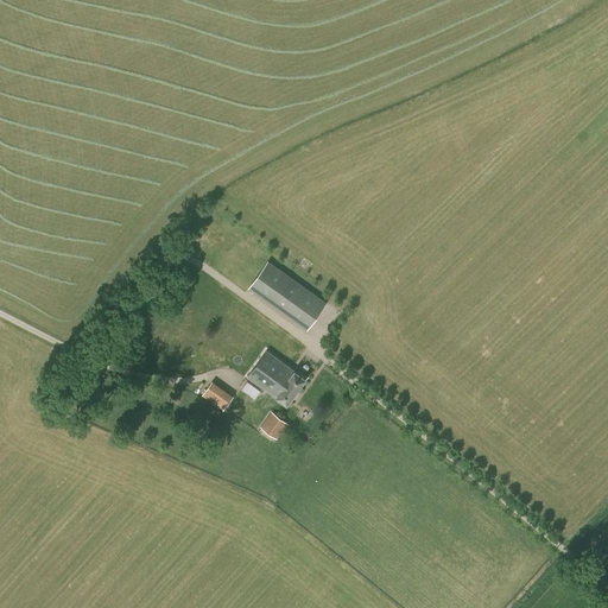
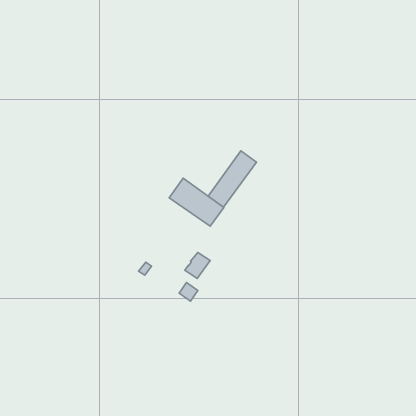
building: none -> [208,151,257,207]
building: [248,352,289,394] -> none

